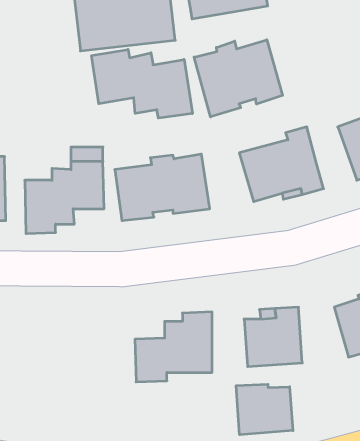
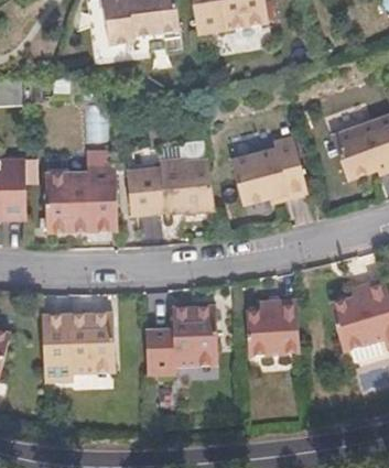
building: [194,40,283,117] -> none
building: [92,49,192,118] -> none
building: none -> [41,316,115,382]
building: [236,384,293,435] -> none

